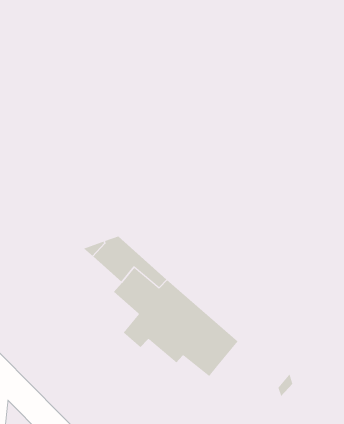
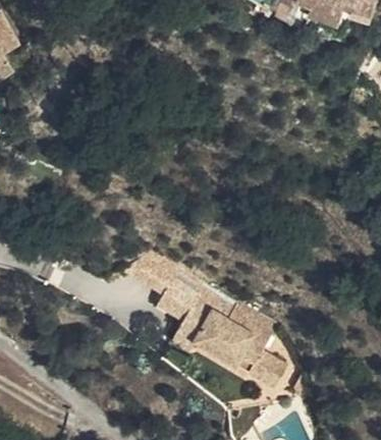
building: none -> [223,354,284,394]

